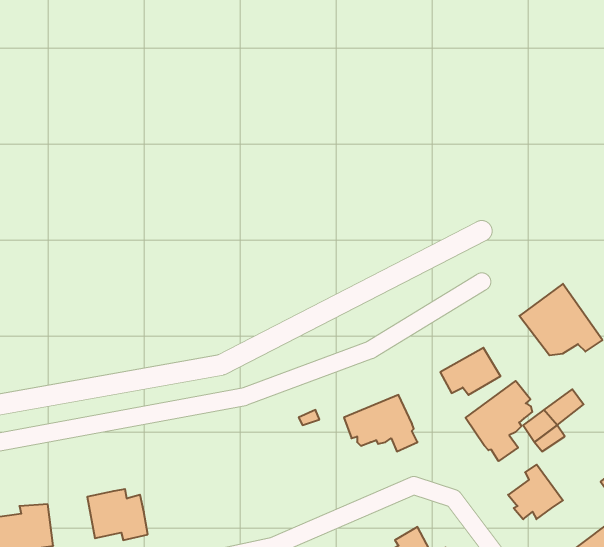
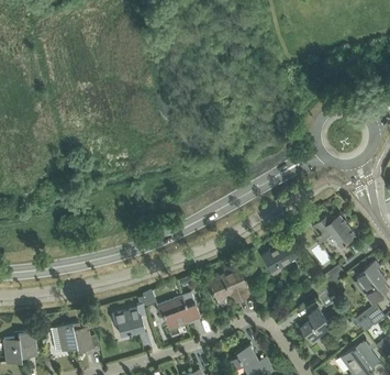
building: [466,381,532,461] -> none
building: none -> [156,294,200,329]
building: none -> [111,304,146,335]

